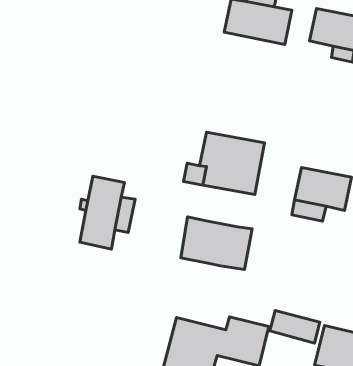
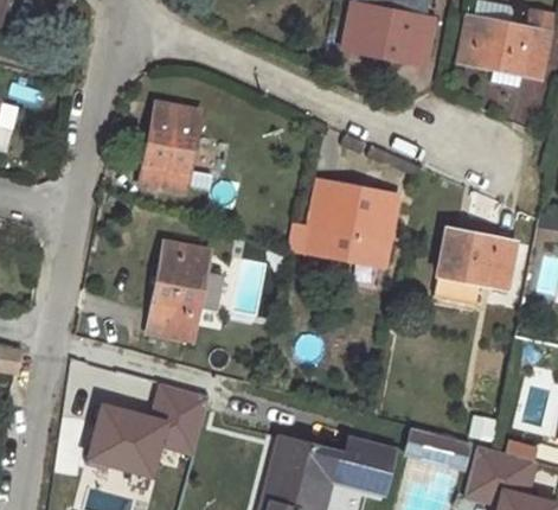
building: none -> [139,103,198,192]
building: [181,217,252,270] -> none
building: none -> [85,383,207,476]

